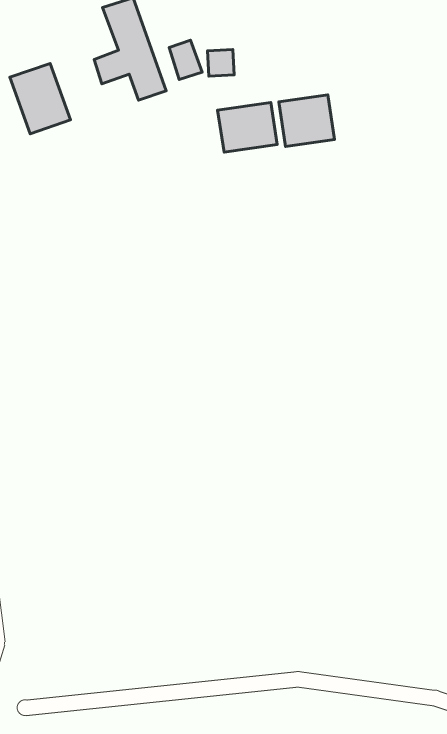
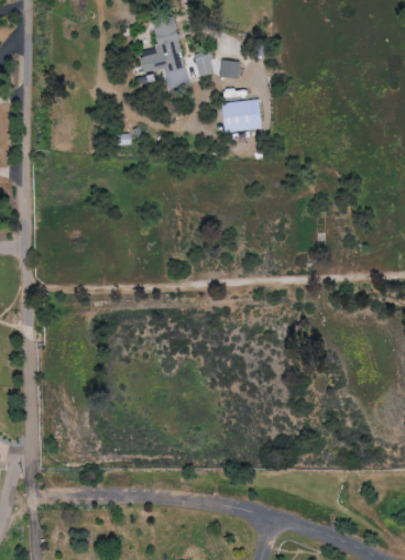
building: [10,63,70,134] -> none
building: [279,95,334,146] -> none

